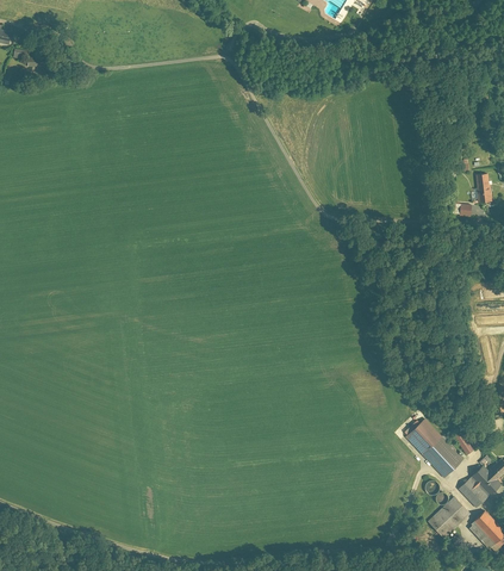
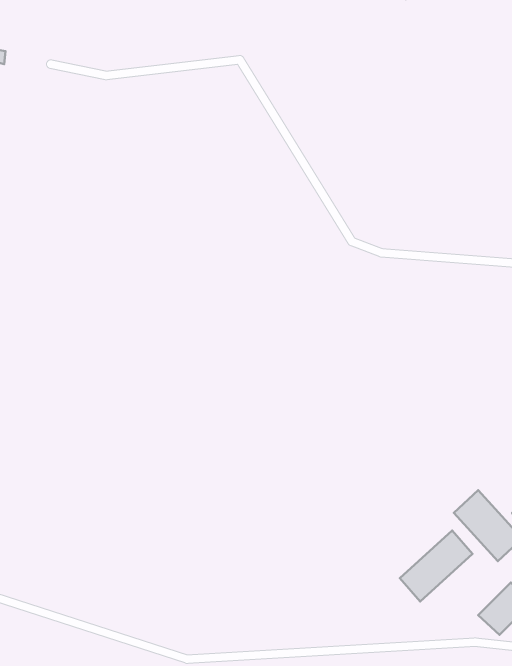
building: none -> [400,531,473,602]

